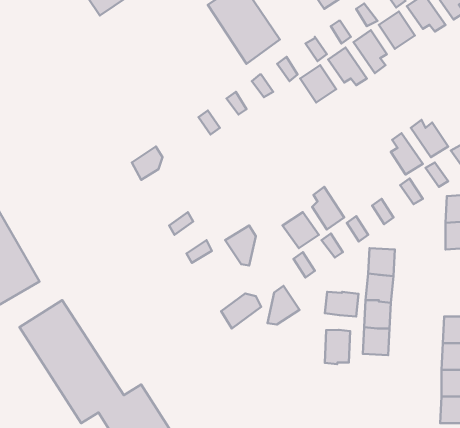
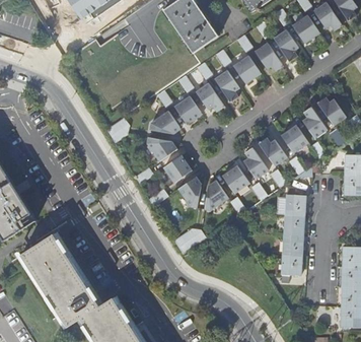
building: none -> [214,69,239,101]
building: none -> [195,82,224,112]
building: none -> [173,95,201,124]
building: none -> [149,110,179,133]
building: none -> [280,125,307,153]
building: none -> [146,136,175,160]
building: none -> [258,138,286,166]
building: none -> [162,154,191,182]
building: [267,286,299,325] -> [202,181,226,210]
building: [325,292,358,316] -> none
building: [325,330,350,364] -> none

